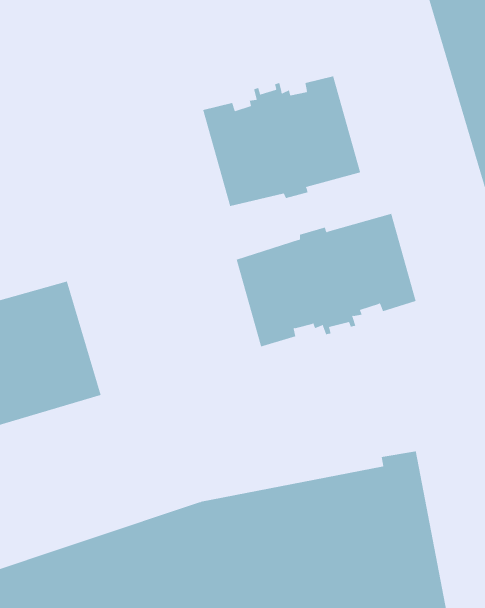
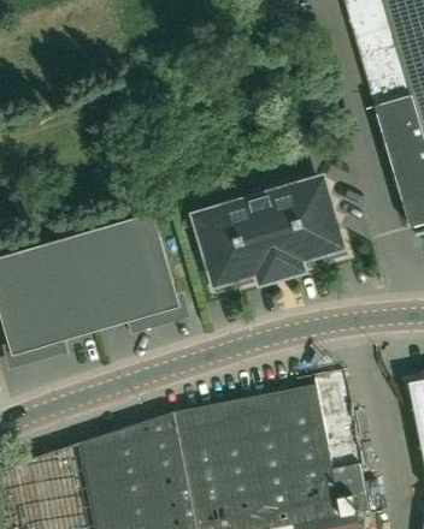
building: [202,76,361,207] -> none
building: none -> [70,215,178,328]

